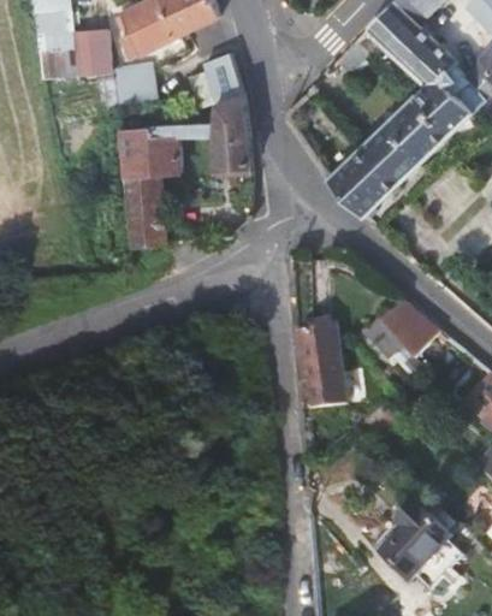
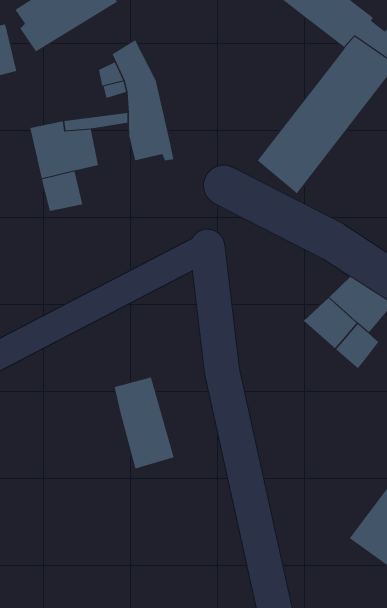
building: [114,54,156,100] -> none
building: [129,201,165,244] -> none
building: [300,324,348,408] -> [114,377,175,469]

